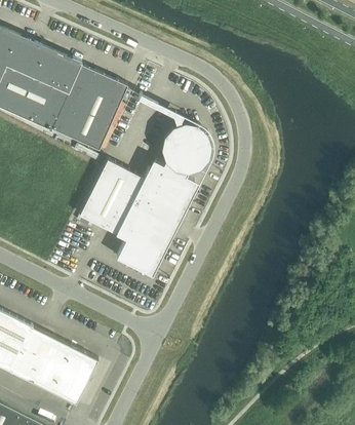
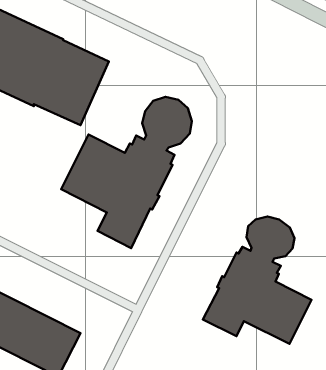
building: none -> [203,216,312,344]

